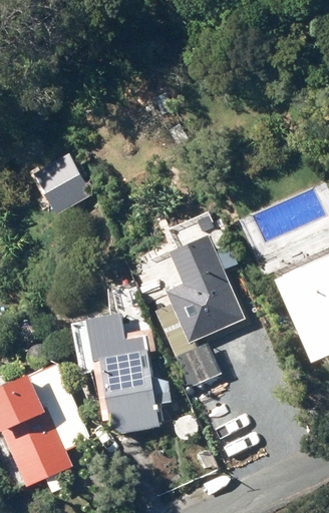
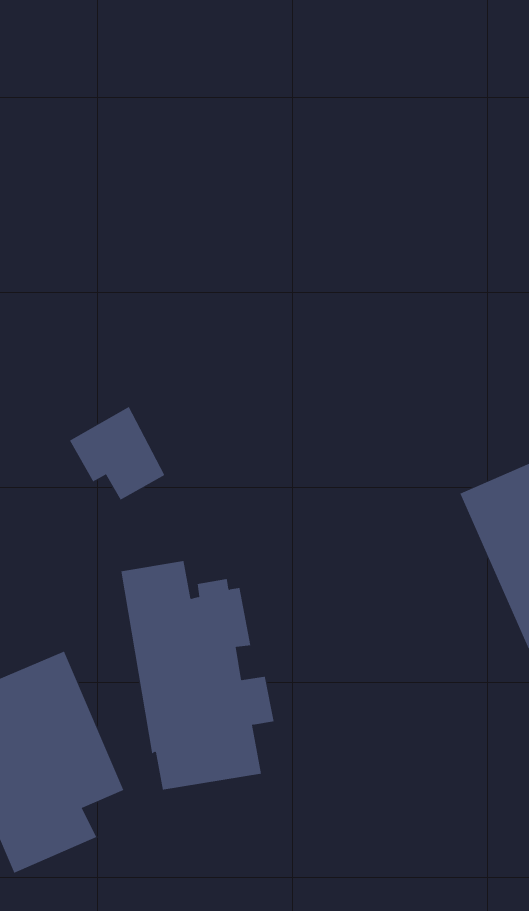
building: [35,150,88,202] -> [69,406,165,500]
building: [155,235,246,387] -> none

